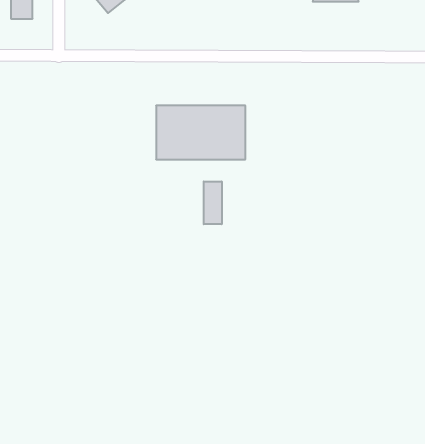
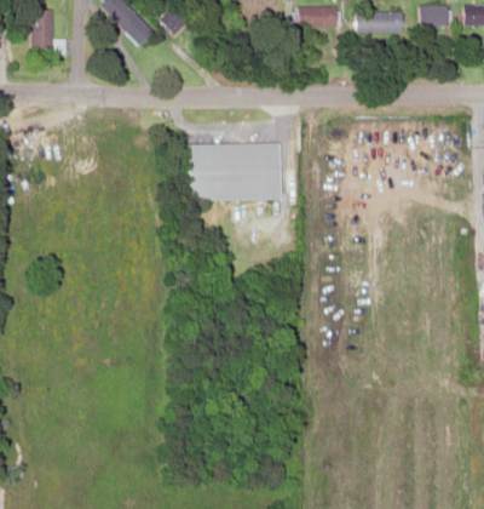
building: [204,181,222,224] -> none

